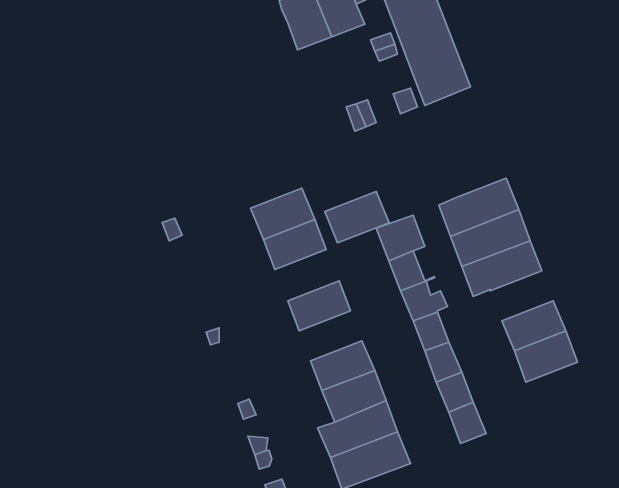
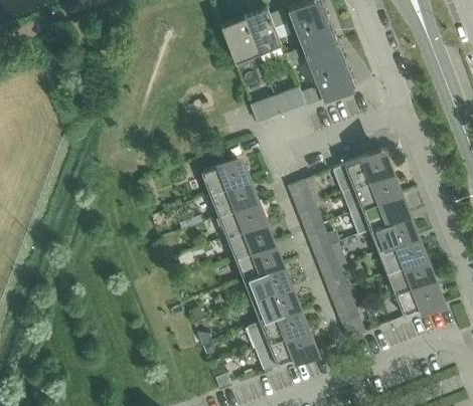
building: [325,192,389,243] -> [218,202,264,238]
building: none -> [370,217,415,252]
building: none -> [235,245,280,280]
building: none -> [396,281,441,318]

